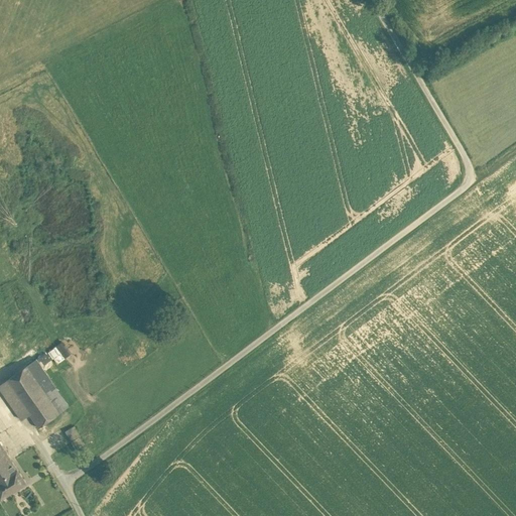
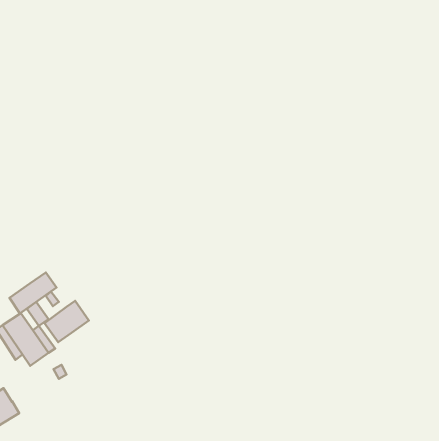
building: none -> [9,273,56,313]
building: none -> [44,301,89,342]

